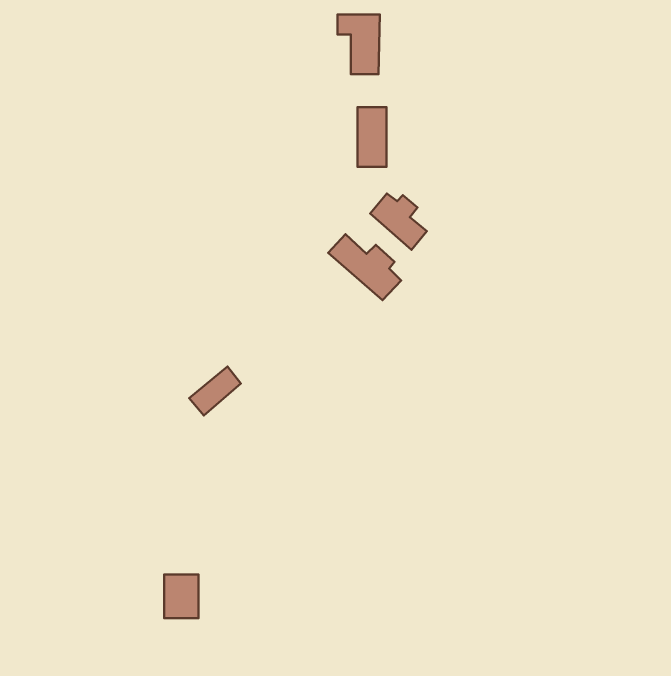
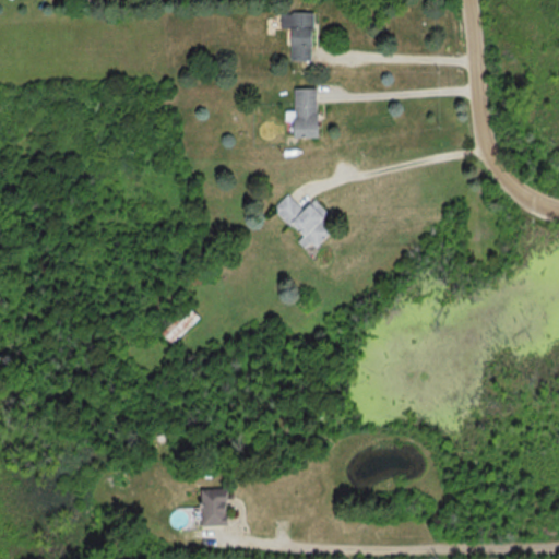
building: [370,194,427,250] -> none
building: [164,575,199,618] -> [202,489,230,525]

